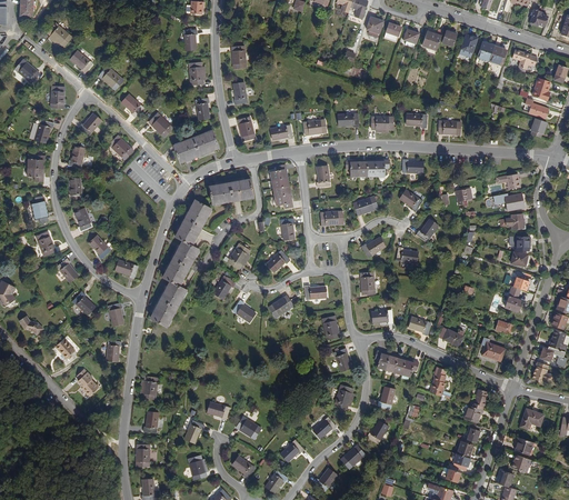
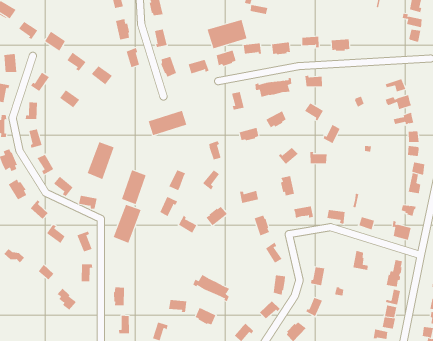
building: none -> [207,19,247,49]
building: [174,131,221,167] -> none
building: [270,167,292,209] -> none
building: [178,199,214,244] -> [87,142,115,180]
building: [375,350,419,374] -> none
building: none -> [193,274,230,302]

